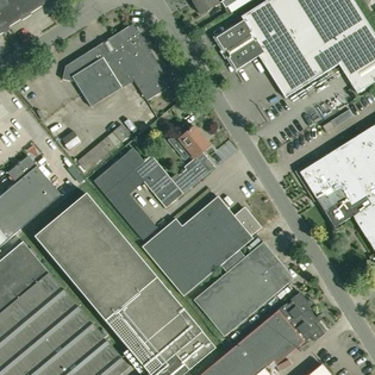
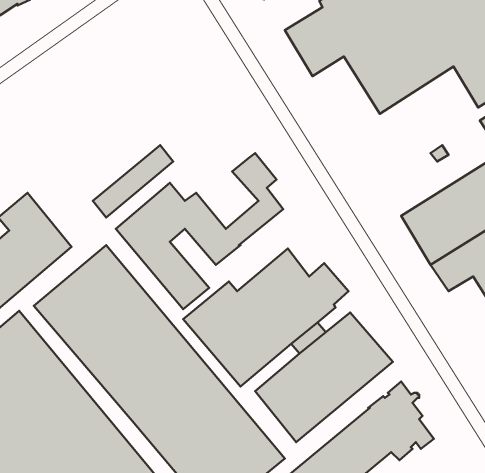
building: [62,23,171,107] -> none

